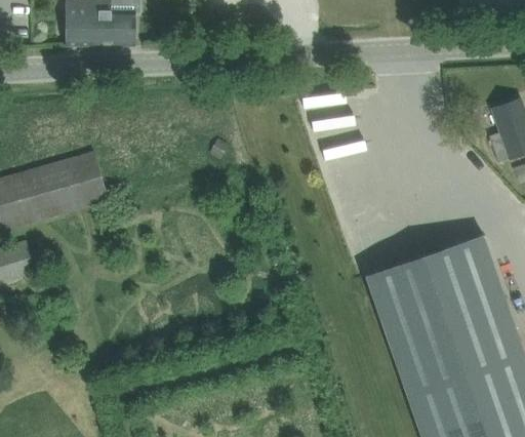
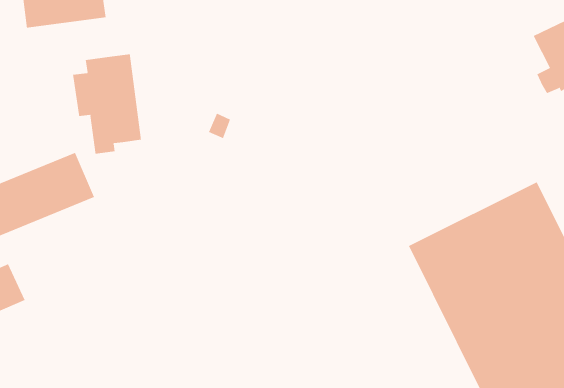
building: none -> [72,54,141,154]

